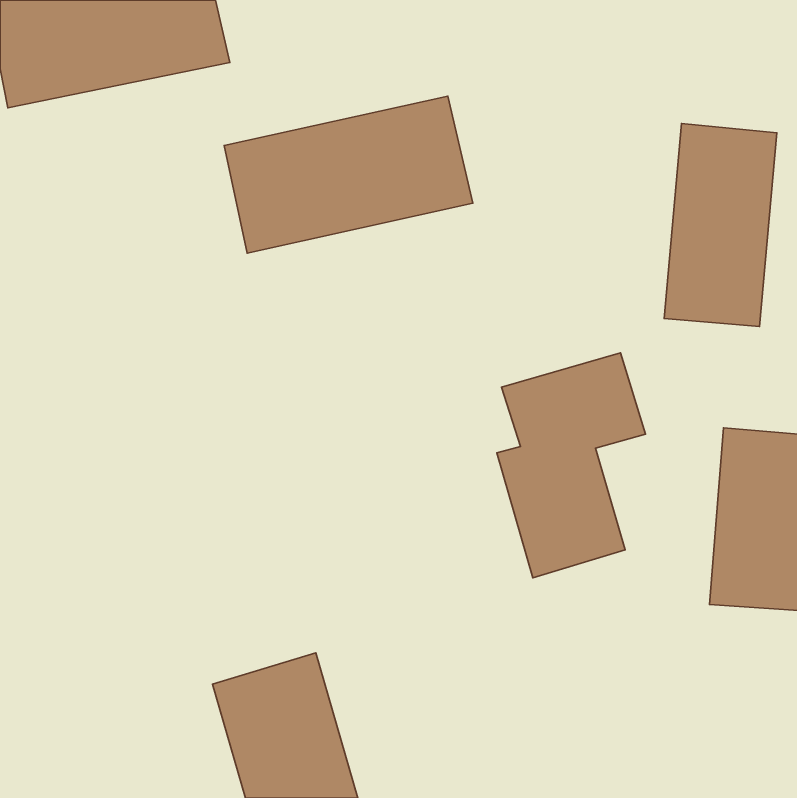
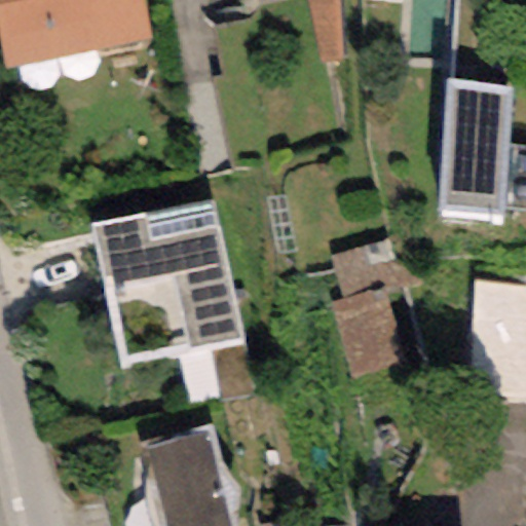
building: [224,96,473,253] -> none
building: none -> [90,199,245,366]

